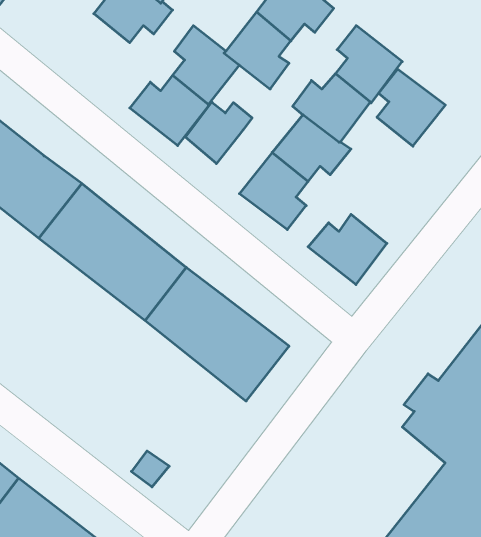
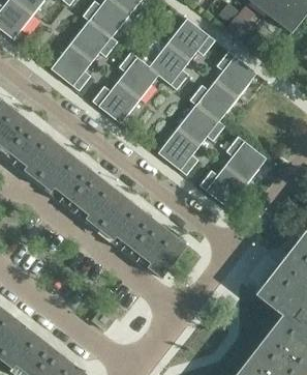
building: none -> [51,45,91,91]
building: [377,69,445,146] -> [224,137,266,183]
building: [186,102,252,164] -> none

